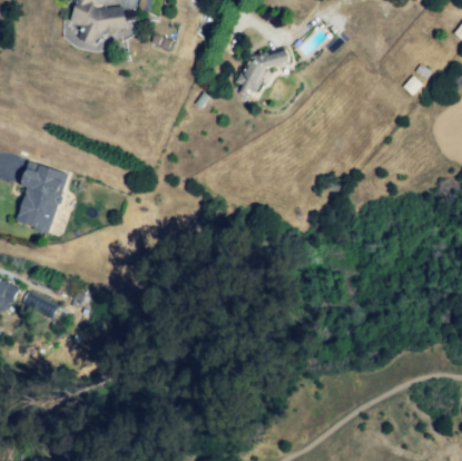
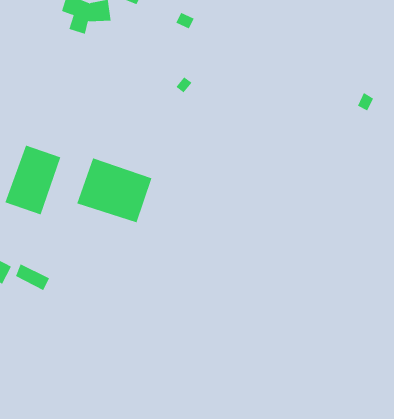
building: [240,49,291,91] -> none
building: none -> [77,157,152,223]

